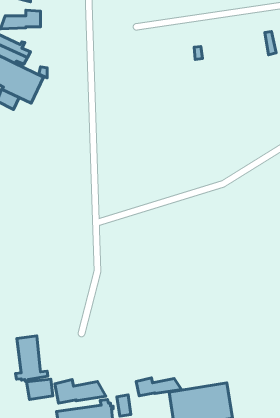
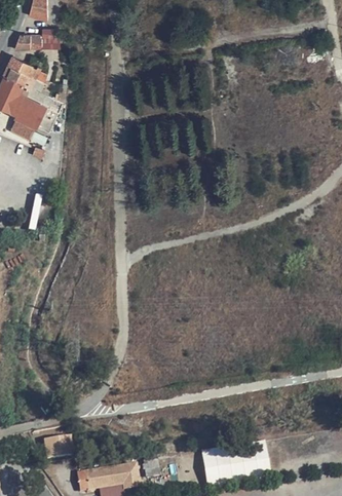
building: [16,336,48,382] -> none
building: [136,378,181,396] -> none
building: [55,379,106,403] -> none

